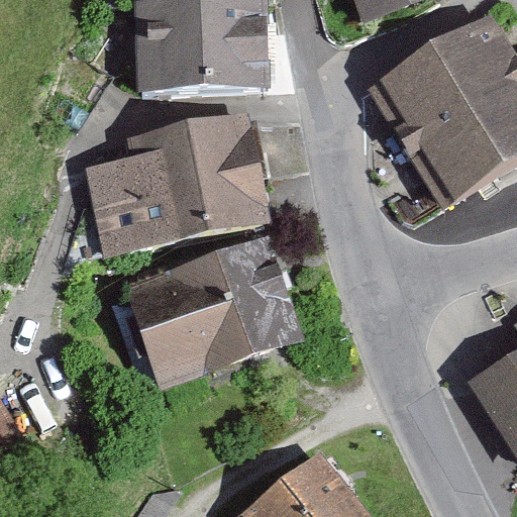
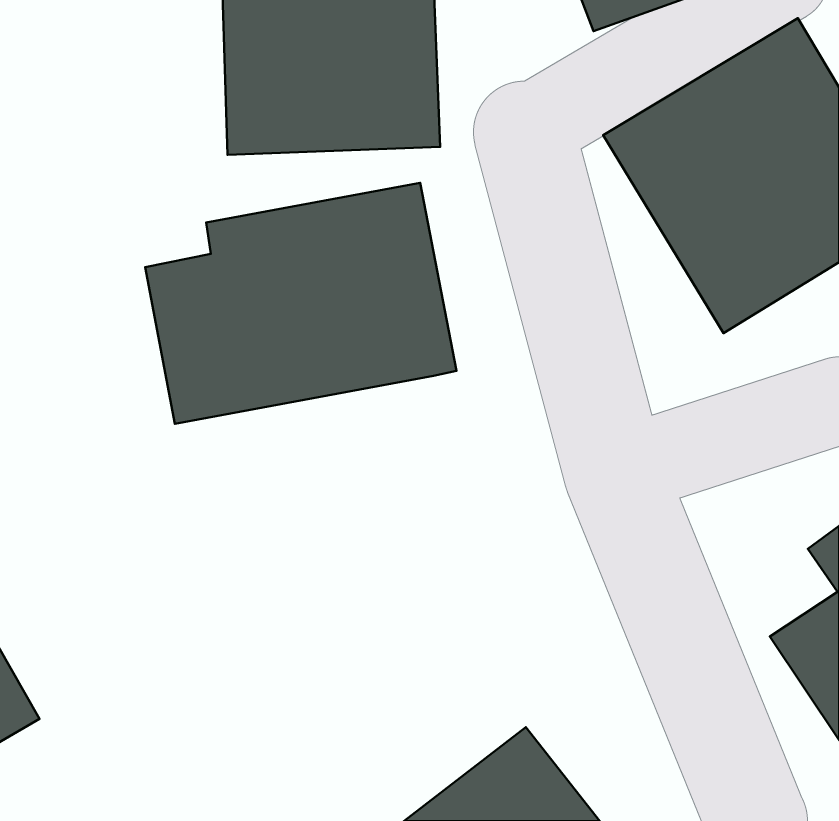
building: [118,230,306,390] -> none

